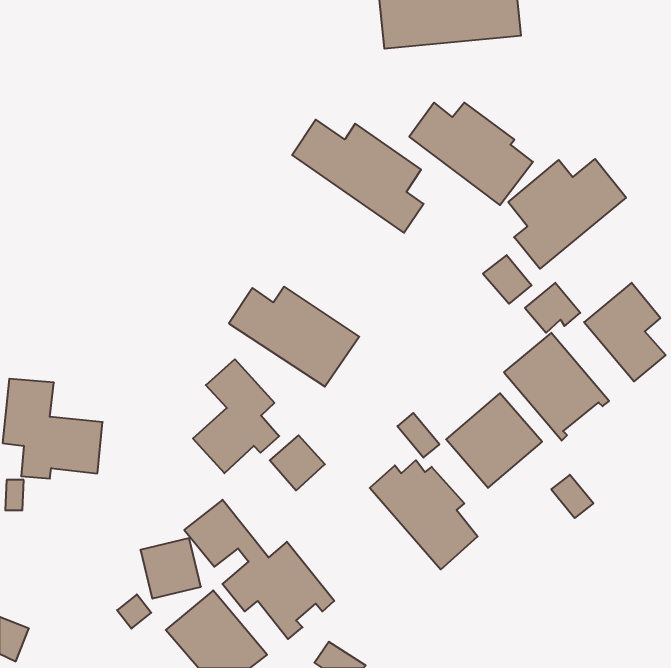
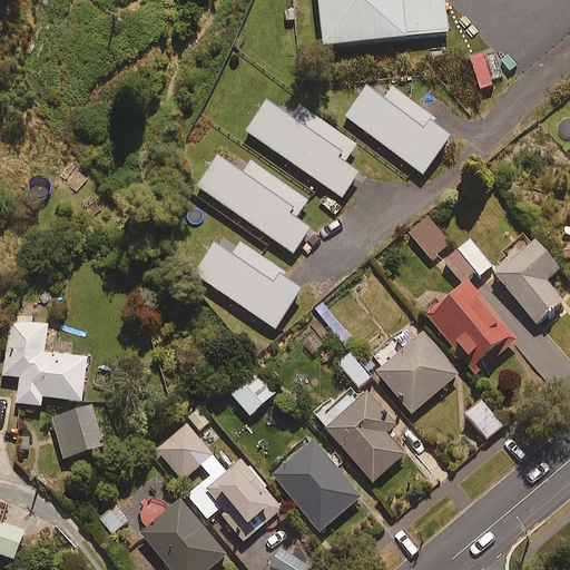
building: [508,159,626,269] -> none
building: none -> [197,157,309,253]
building: [193,359,279,473] -> none
building: none -> [272,439,361,531]
building: [140,538,201,599] -> [52,406,104,458]

